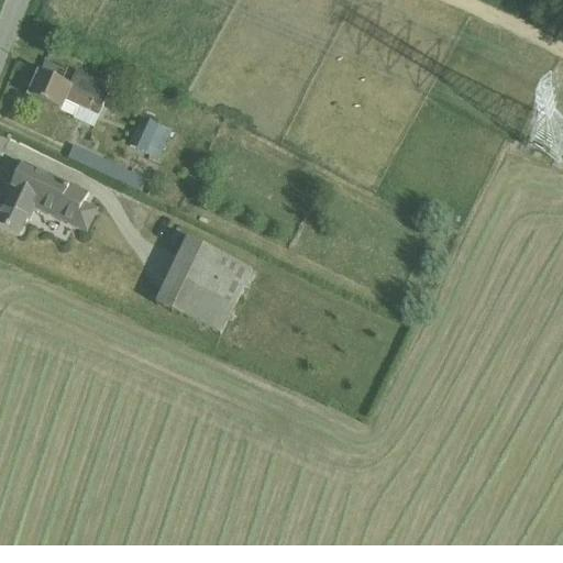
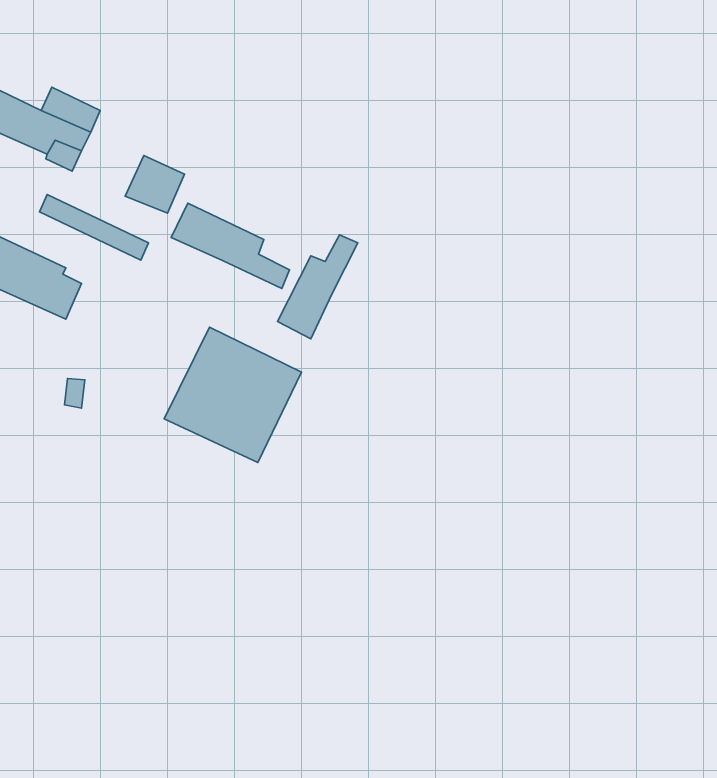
building: none -> [171,203,289,289]
building: none -> [277,235,358,339]

